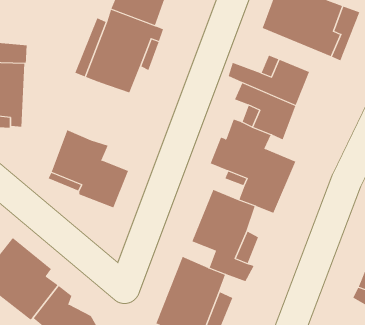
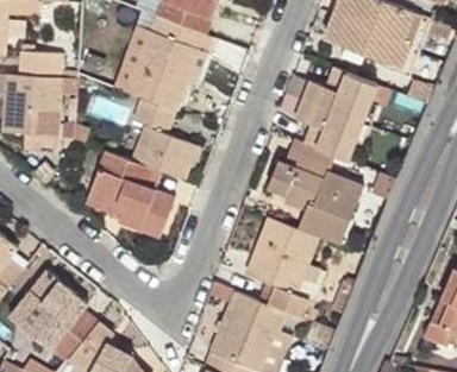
building: none -> [133,96,195,177]

